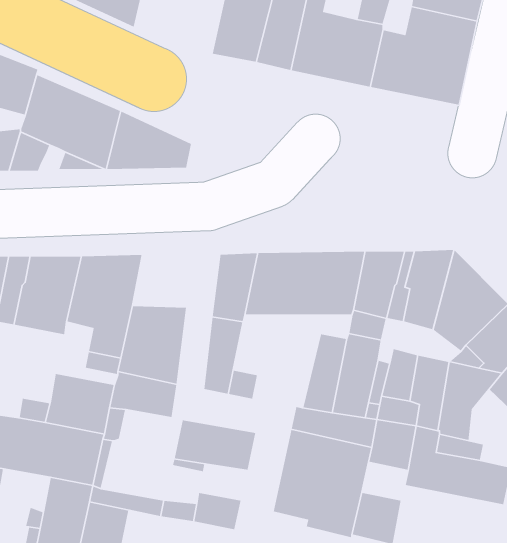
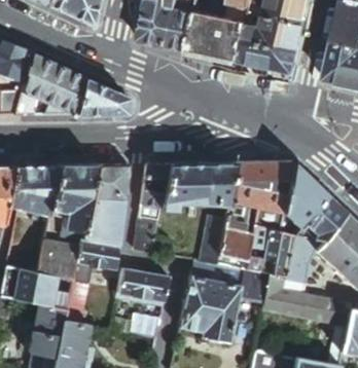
building: none -> [93,164,131,198]

